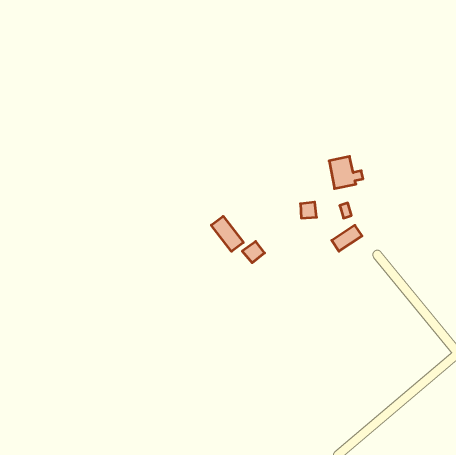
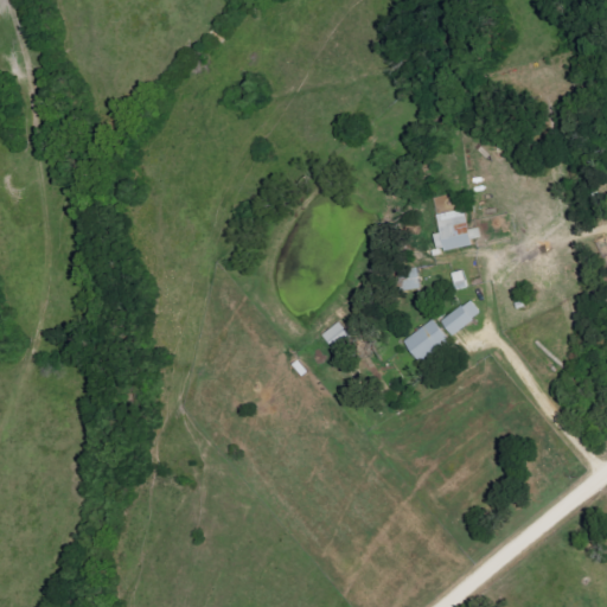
building: [211,216,243,251] -> none
building: none -> [402,318,447,360]

